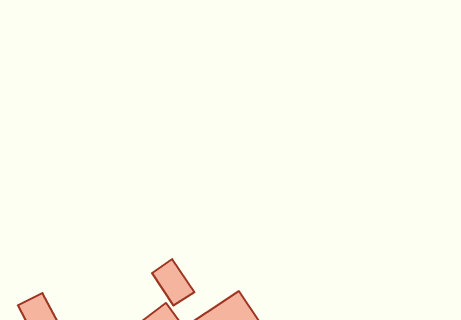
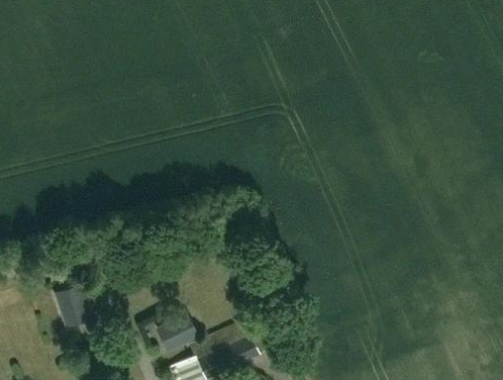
building: [152,259,194,306] -> none

